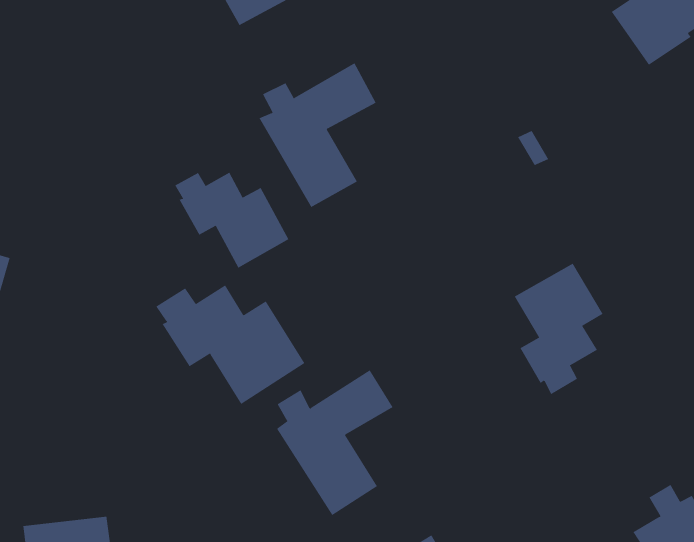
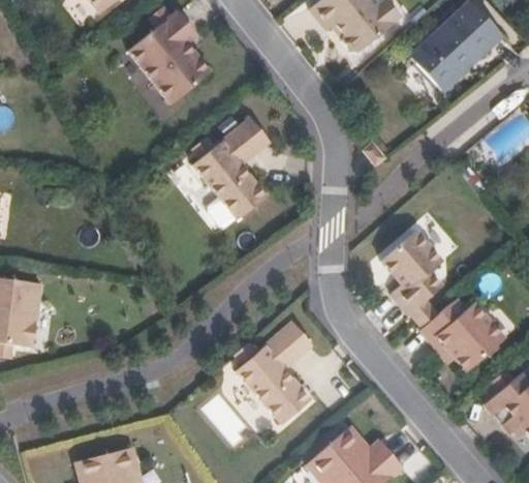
building: [174,172,289,268] -> none
building: [156,284,305,405] -> none
building: none -> [416,296,506,368]

